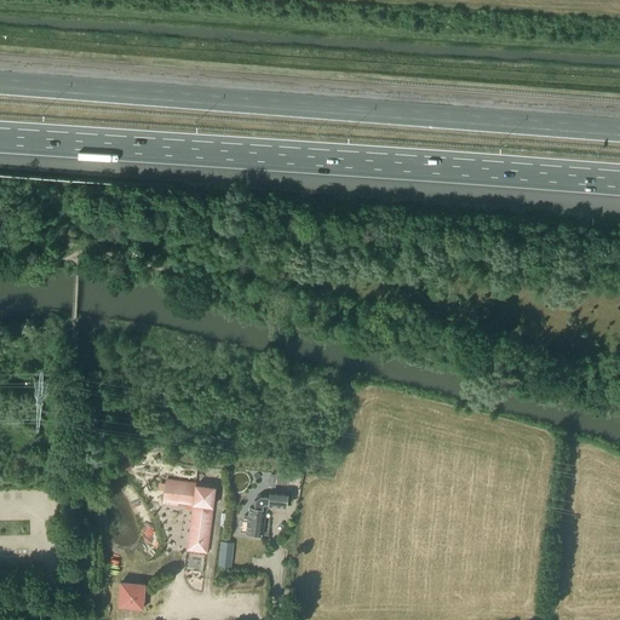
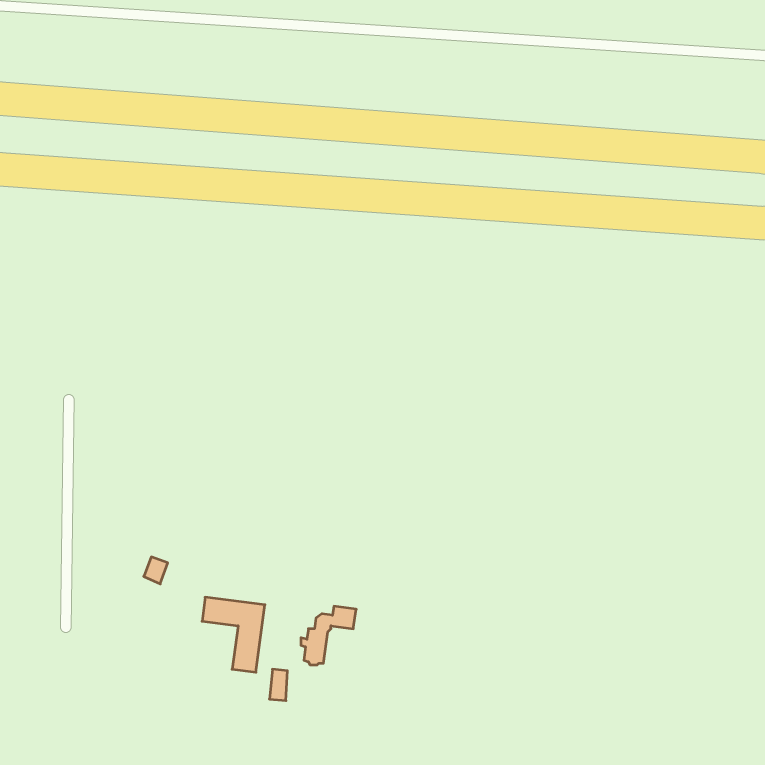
building: [119,582,144,609] -> none

